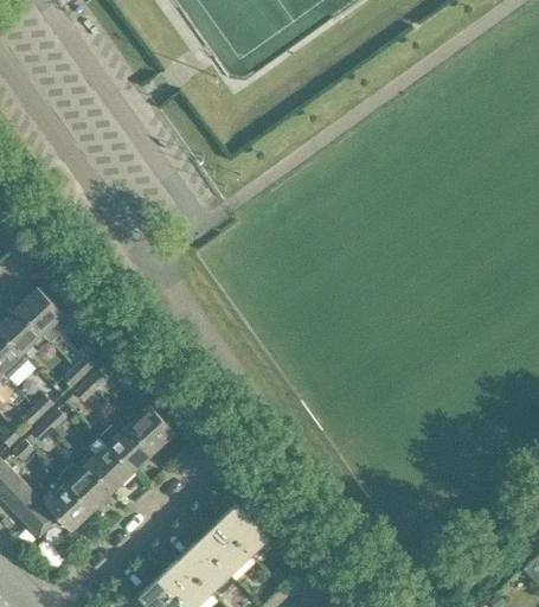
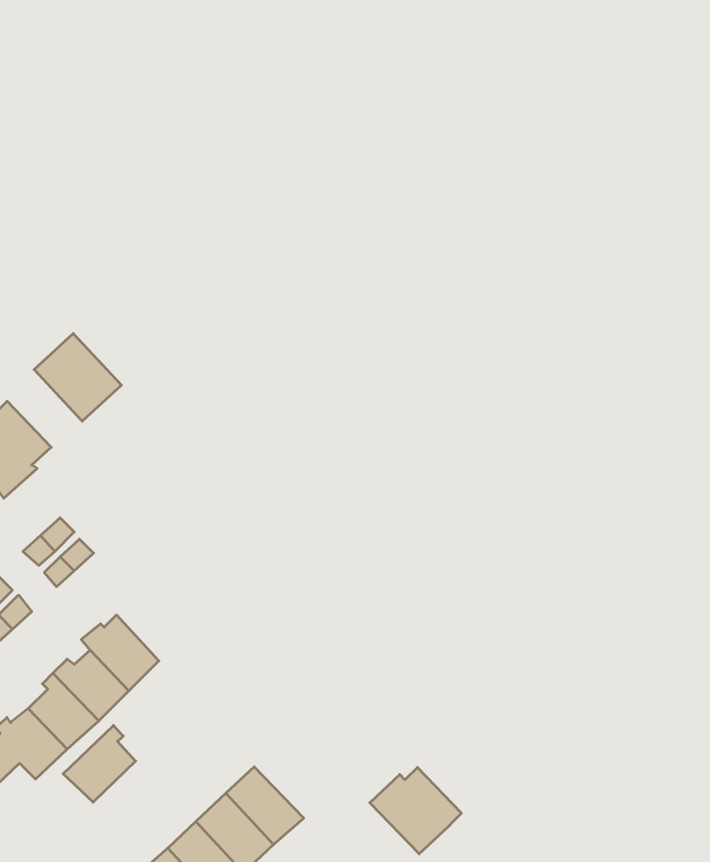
building: none -> [34,333,121,421]
building: [122,389,172,454] -> none
building: none -> [63,725,136,802]
building: [214,501,276,560] -> [370,767,461,854]

